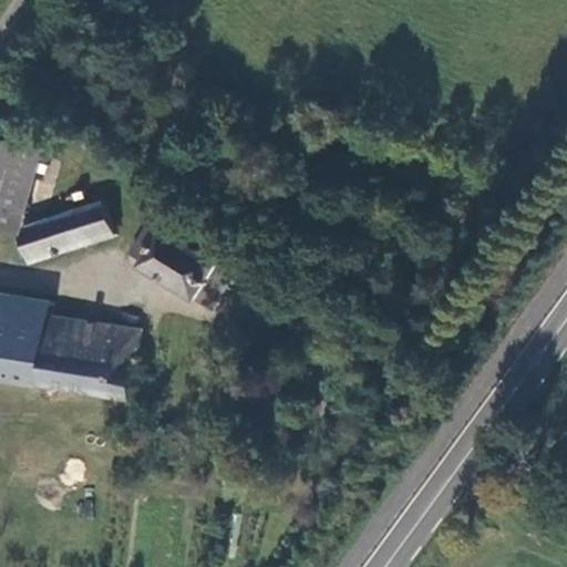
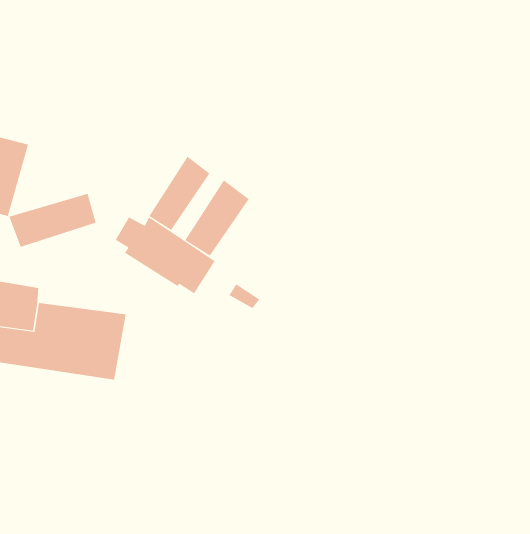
building: none -> [148,156,210,231]
building: none -> [185,180,249,257]

